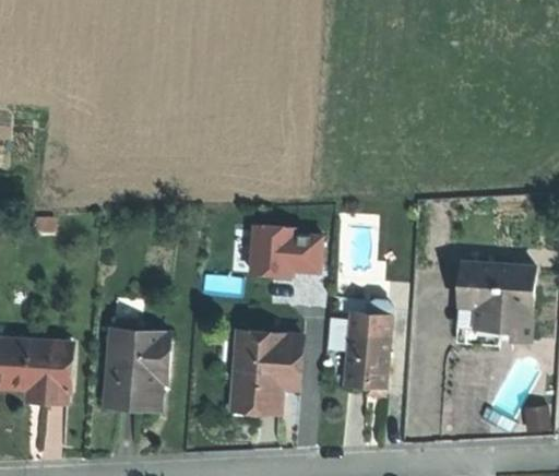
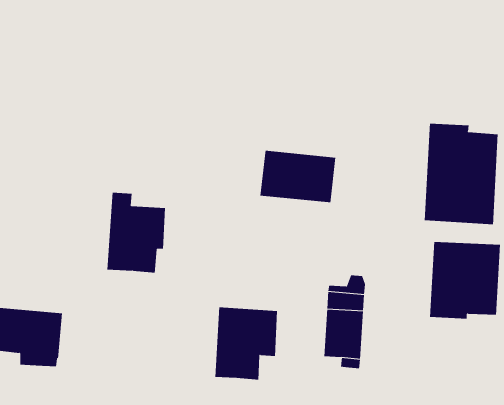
building: none -> [424,123,498,225]
building: [246,224,326,279] -> [260,150,336,203]
building: [105,320,167,405] -> [107,192,166,273]

